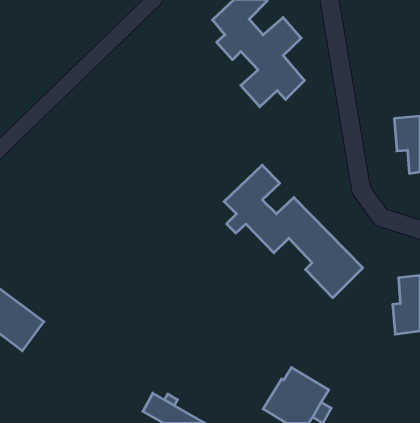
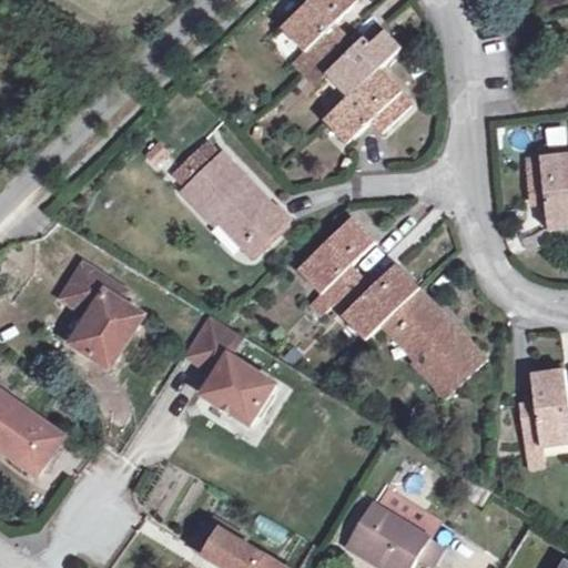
building: none -> [173,142,287,256]
building: none -> [61,264,142,366]
building: none -> [183,322,273,425]

